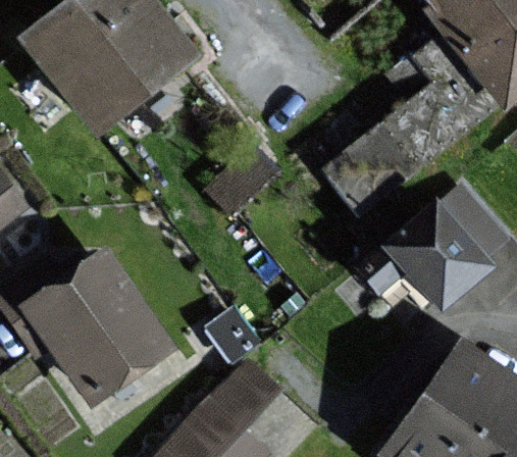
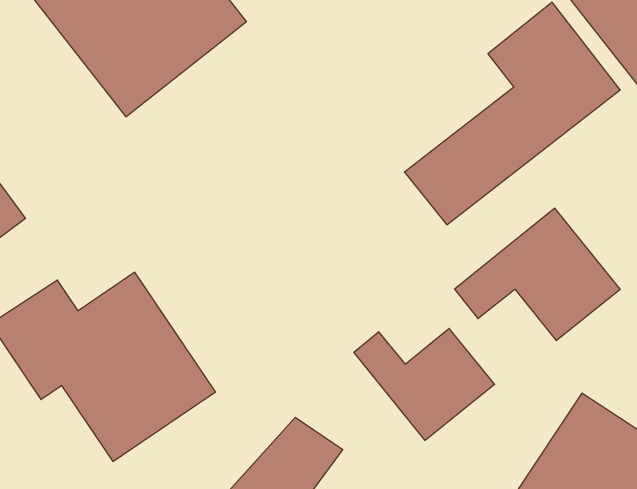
building: none -> [354,328,495,440]

